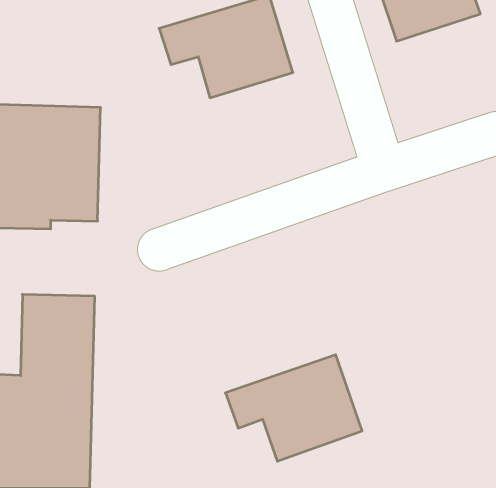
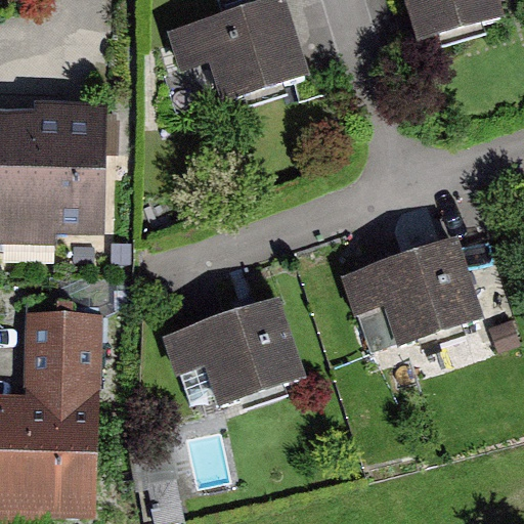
building: none -> [341,236,482,346]
building: [225,355,362,461] -> [163,296,306,407]

